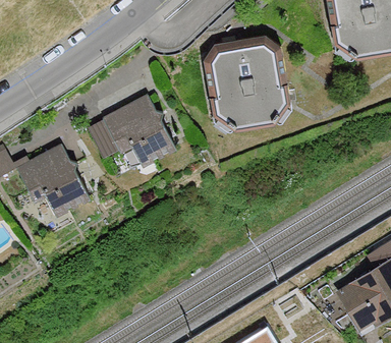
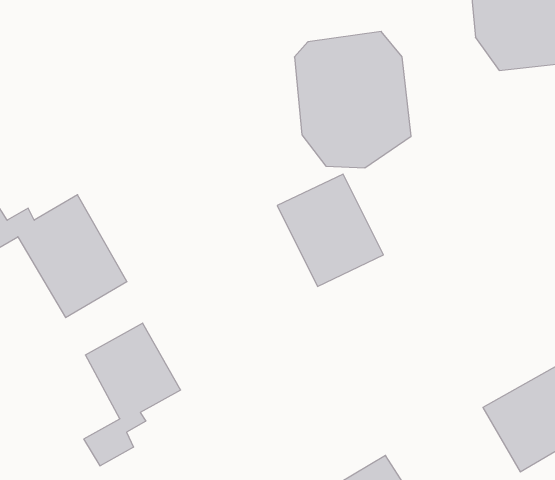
building: [104,97,176,173] -> [277,174,383,286]
building: none -> [84,323,181,466]

